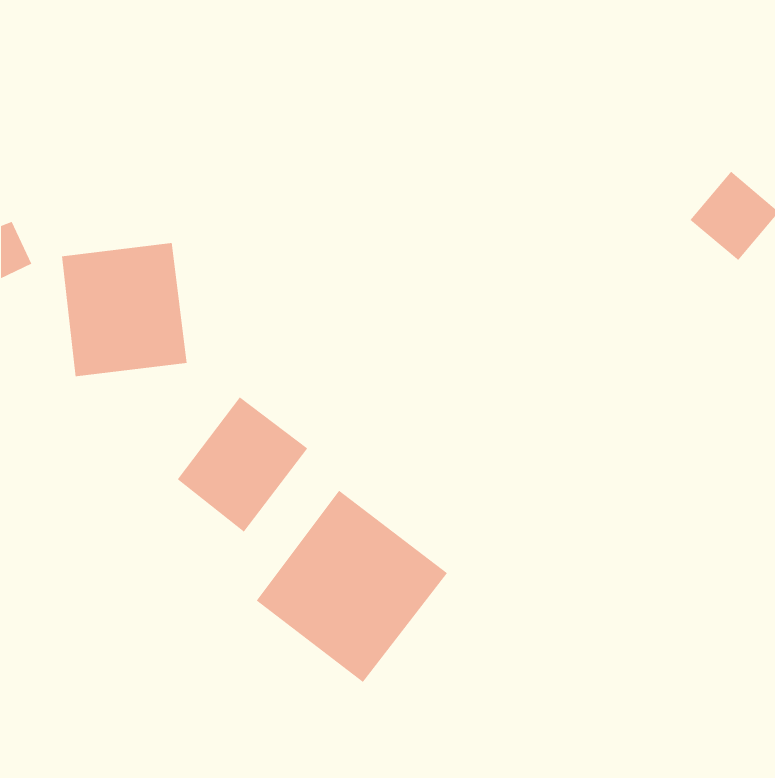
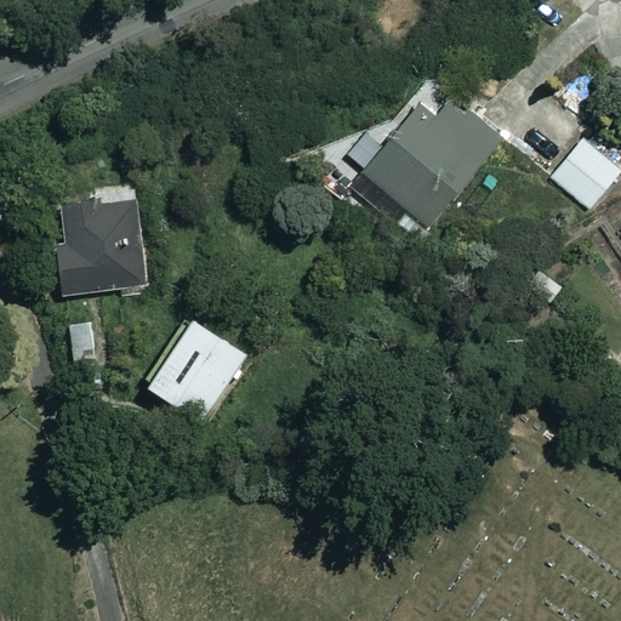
building: none -> [348,80,500,226]
building: [256,490,448,683] -> none

